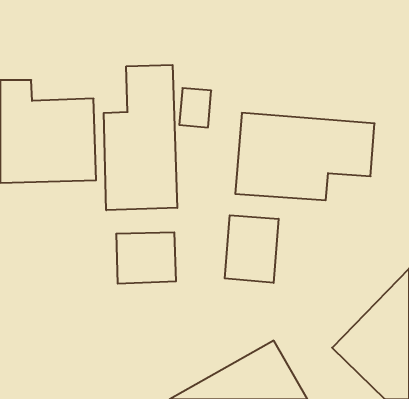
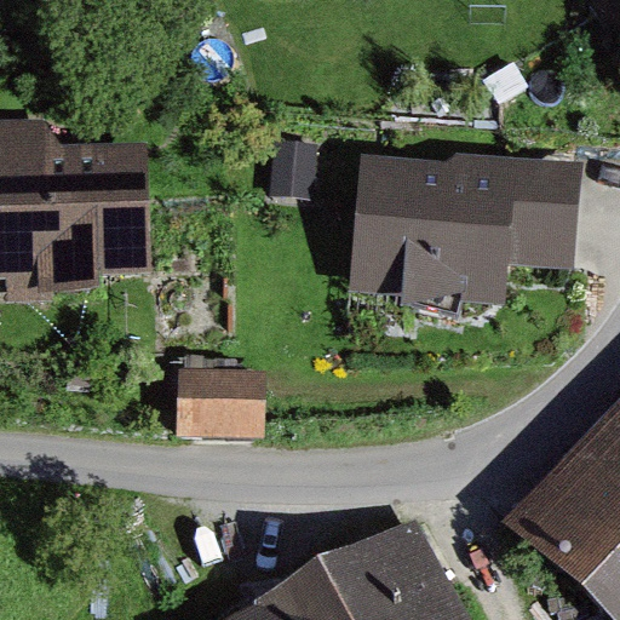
building: [104,65,177,210] -> none
building: [225,215,279,283] -> none

